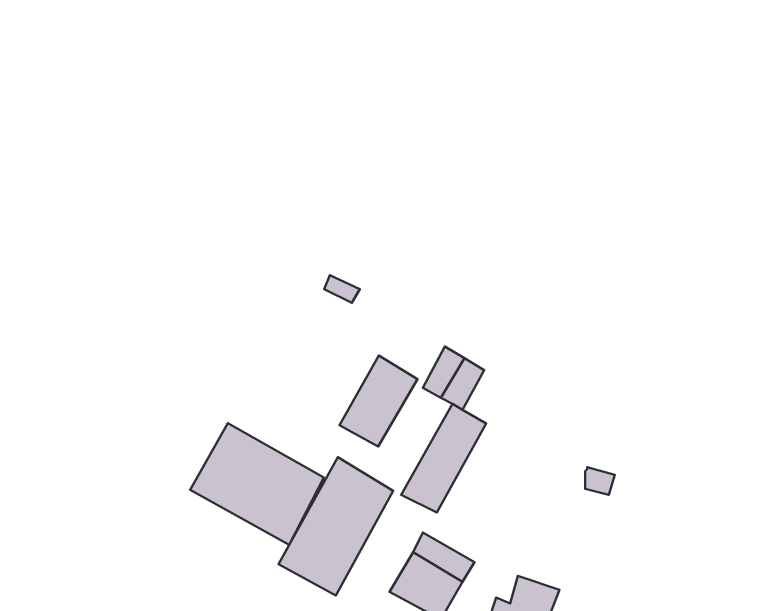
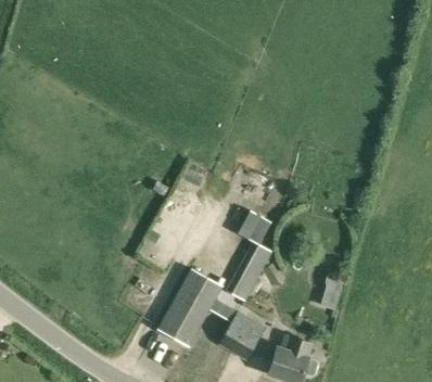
building: [339,355,418,447] -> none
building: [190,423,324,545] -> none

